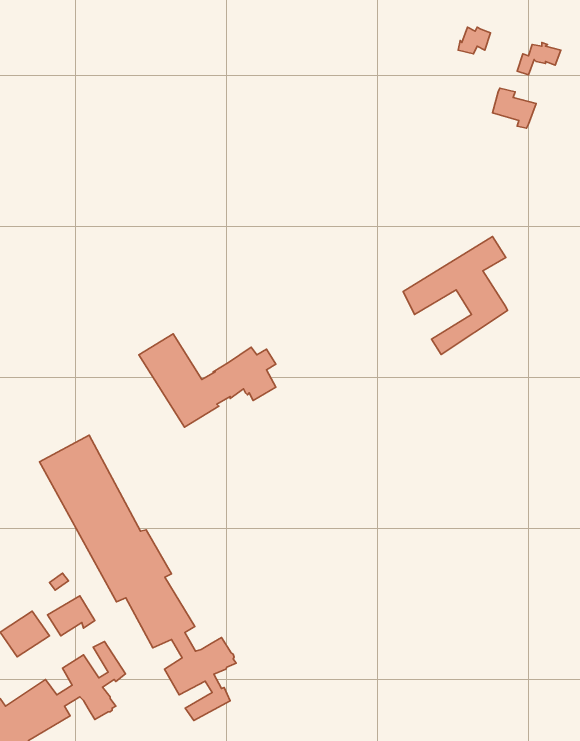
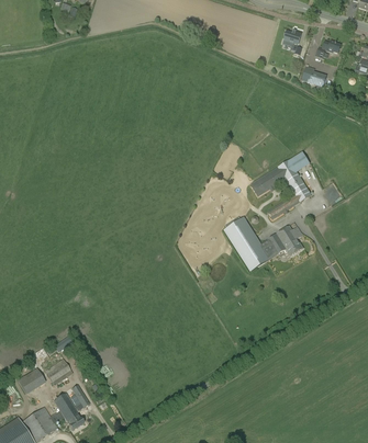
building: [139,334,276,427] -> [224,217,303,271]
building: [40,435,236,720] -> none

